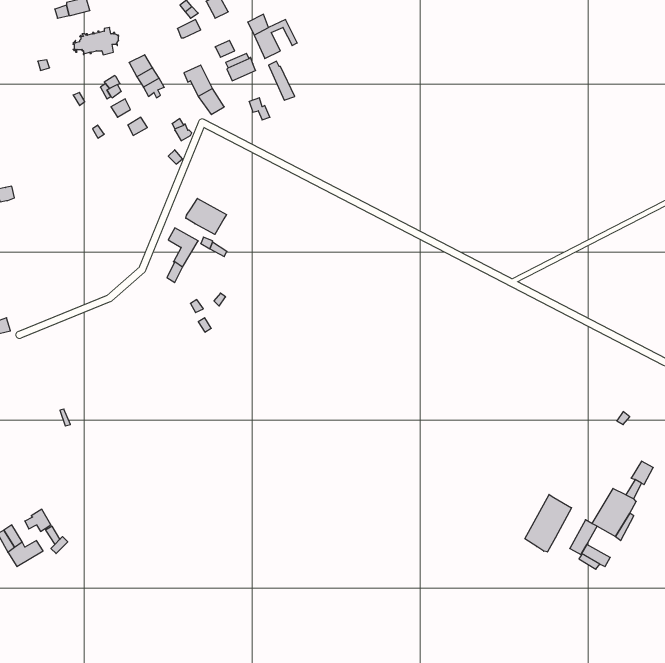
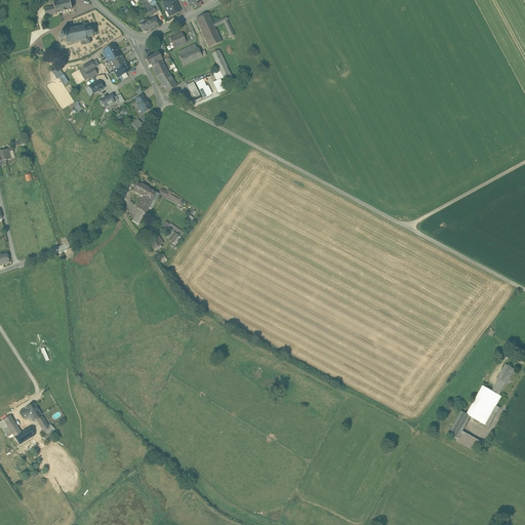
building: [186,198,227,234] -> none
building: [525,494,572,552] -> none

